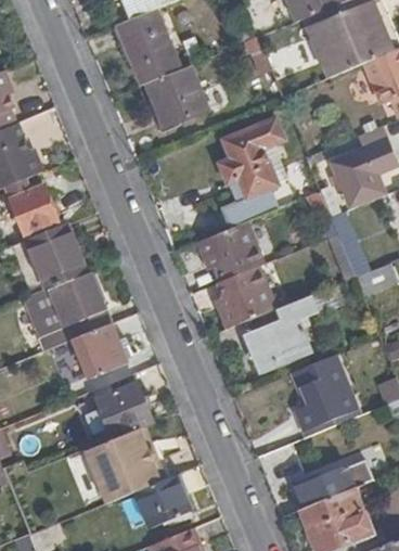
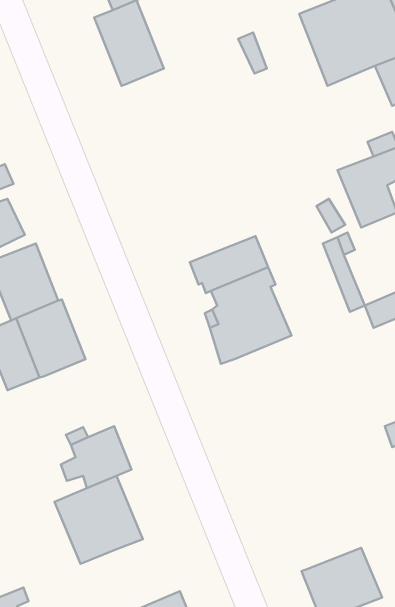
building: [145,67,207,128] -> none
building: [219,119,283,229] -> none
building: [241,296,316,371] -> none
building: [74,324,125,375] -> none
building: [292,356,358,436] -> none
building: [296,460,372,508] -> none
building: [136,475,191,528] -> none

